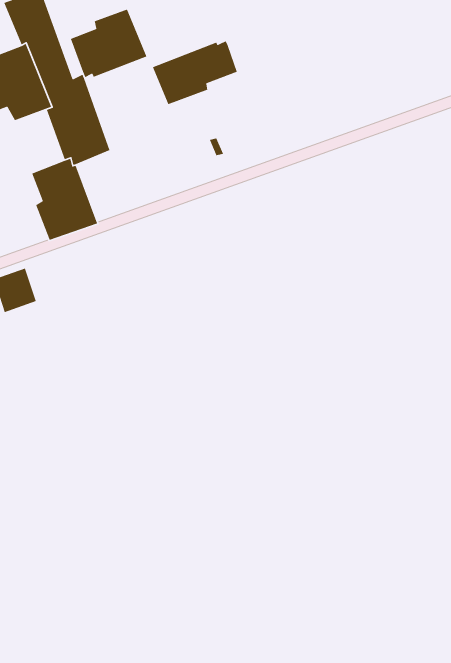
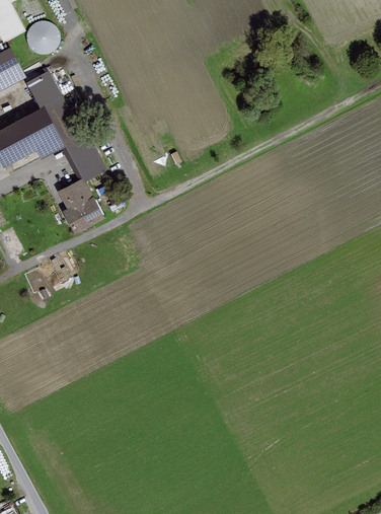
building: [70,8,147,78] -> none
building: [152,40,238,105] -> none

